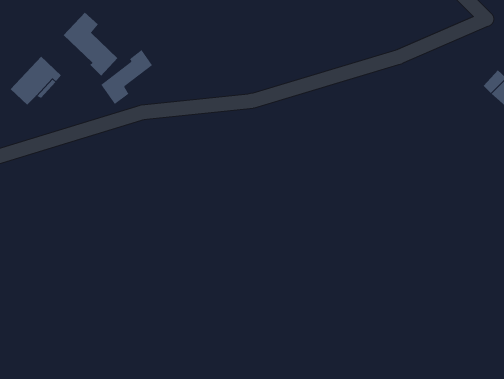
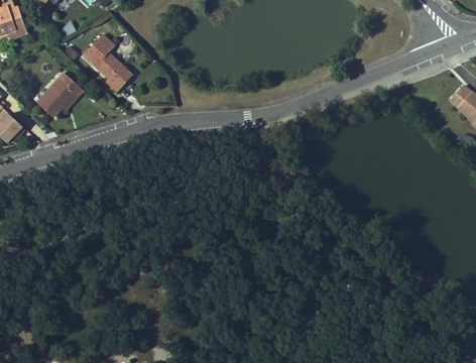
building: [100,49,153,105] -> none

